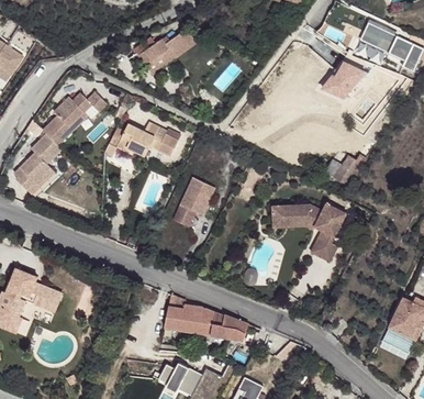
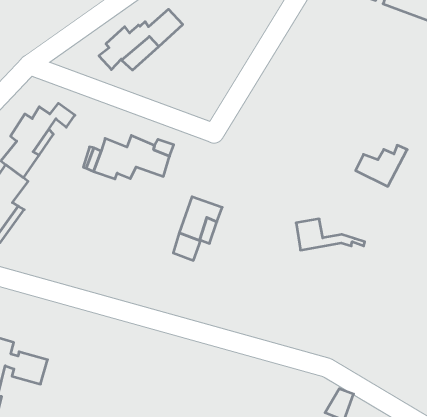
building: [321,60,366,98] -> none
building: [290,203,347,262] -> none
building: [164,295,249,342] -> none

